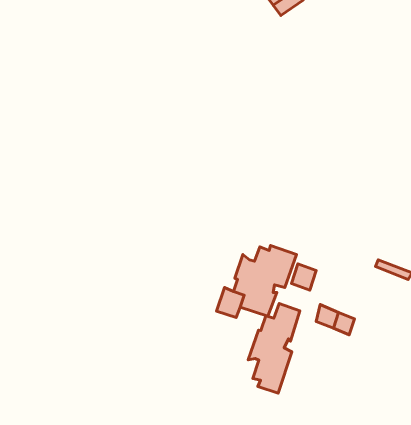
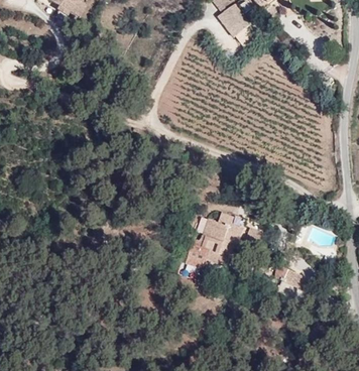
building: [248,303,300,393] -> none

